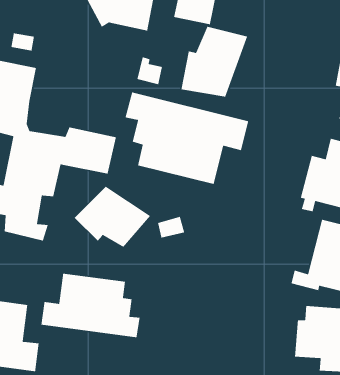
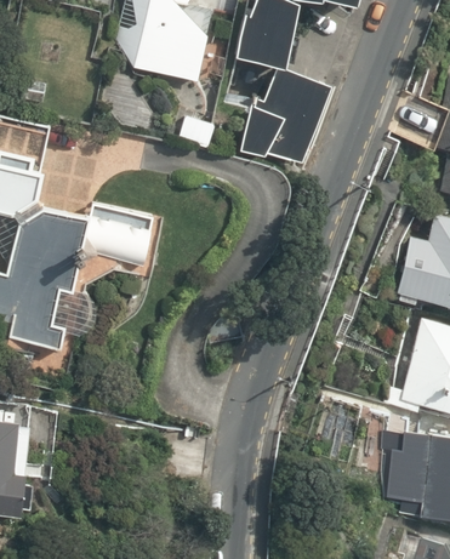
building: [124,91,249,185] -> none
building: [74,186,151,248] -> none
building: [41,273,141,338] -> none

